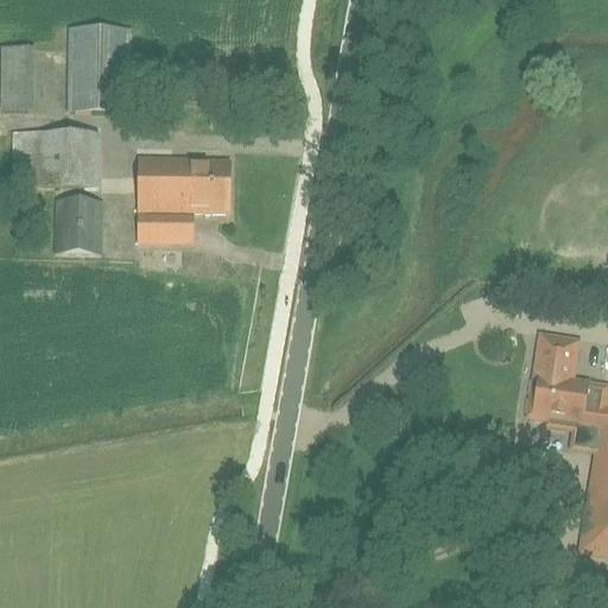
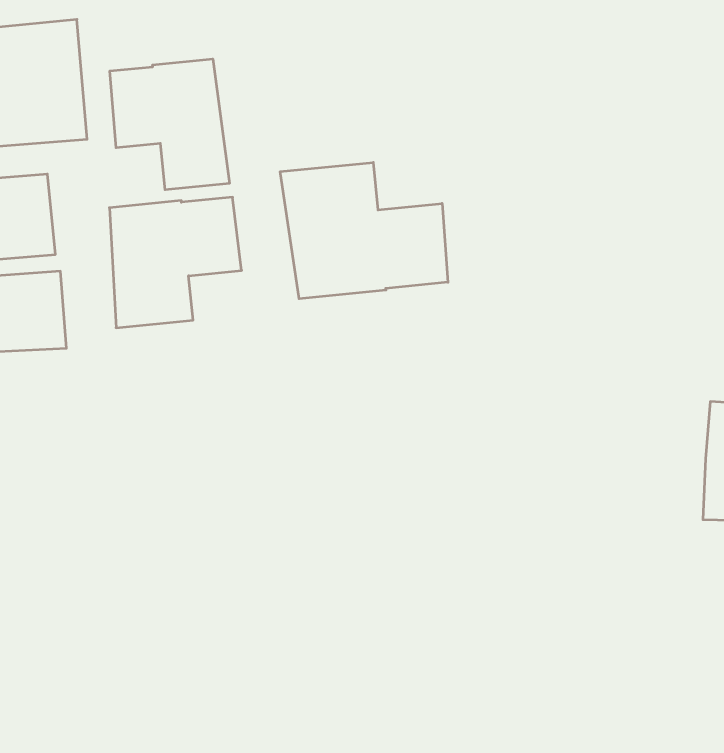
building: none -> [110,59,229,190]
building: none -> [280,162,448,299]

